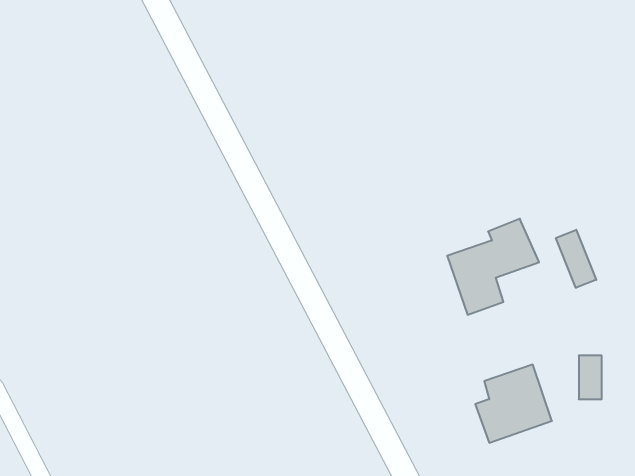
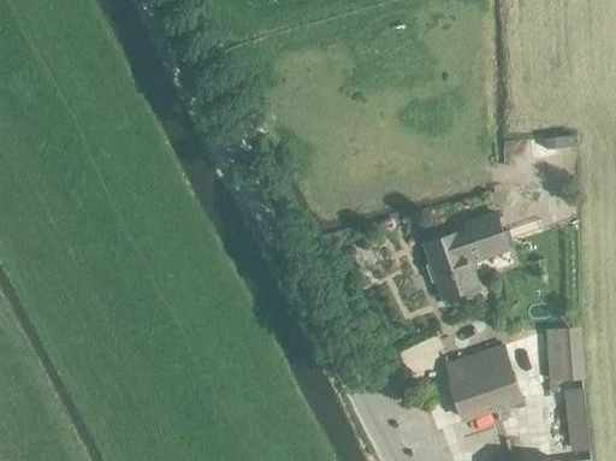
building: [556,230,596,288] -> none
building: none -> [569,385,593,447]

